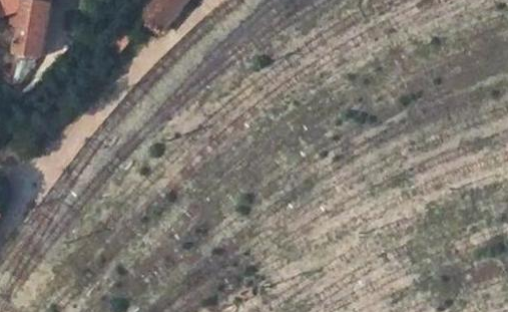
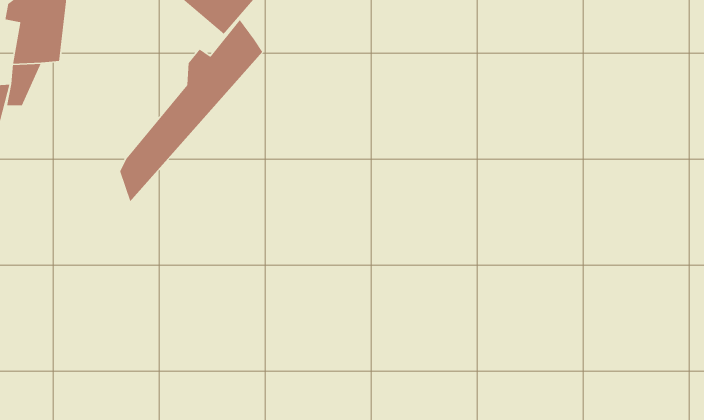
building: none -> [119,19,263,202]

